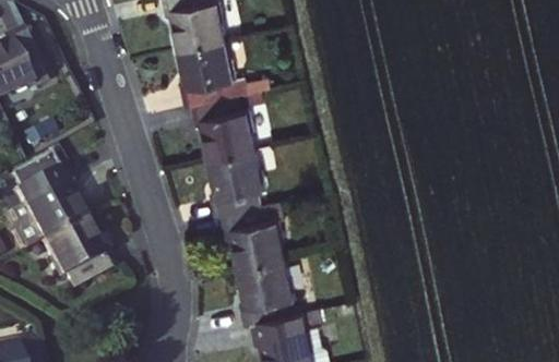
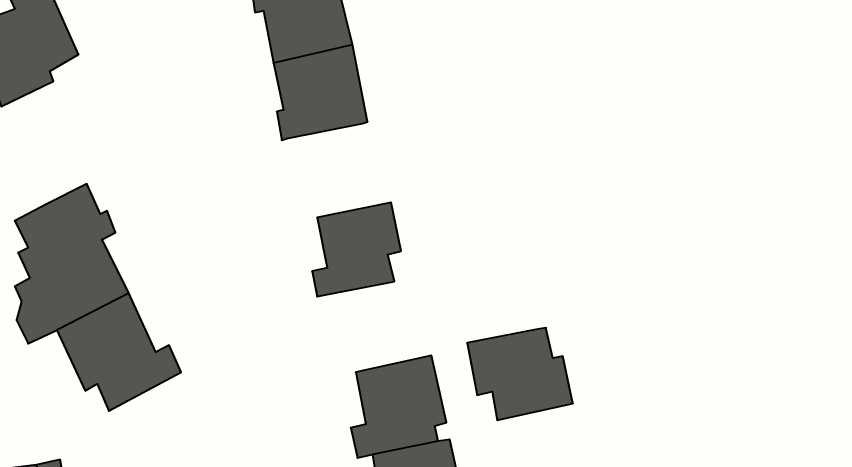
building: [188,104,255,165] -> none
building: [213,205,282,265] -> [467,328,573,420]

